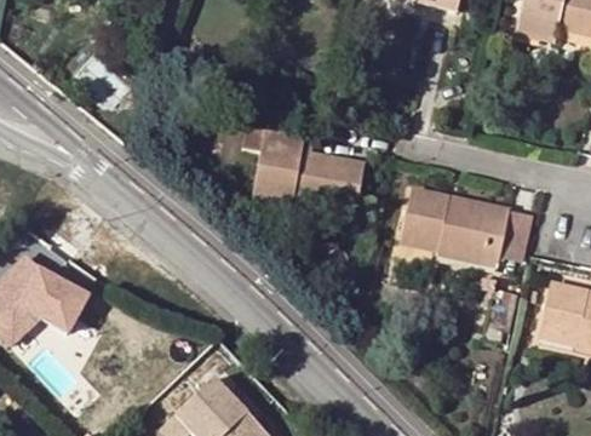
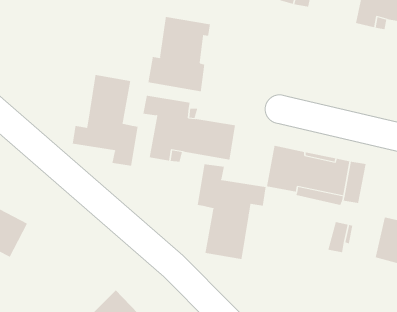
building: none -> [148,16,210,92]
building: none -> [72,74,138,166]
building: none -> [197,163,266,260]

